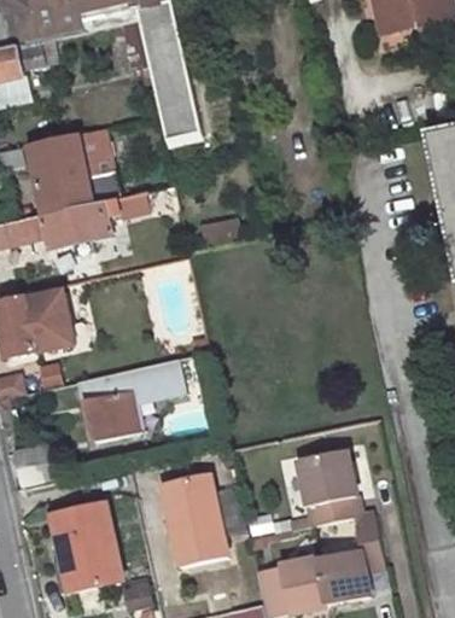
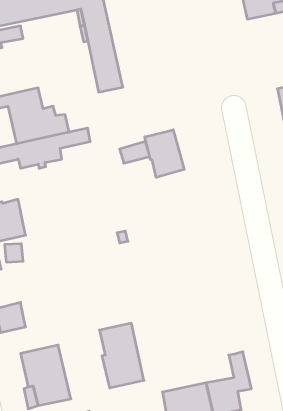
building: none -> [145,130,184,177]
building: [77,358,187,442] -> none
building: [298,451,360,526] -> none

